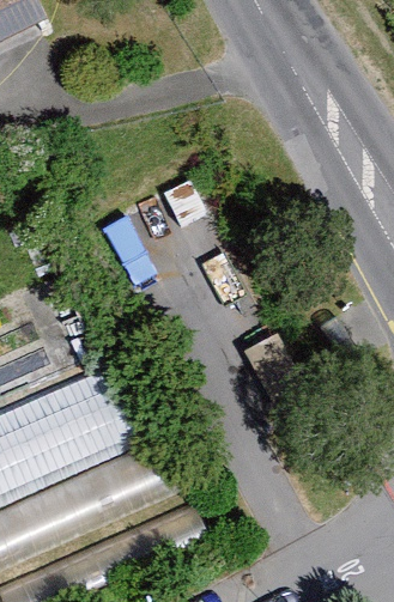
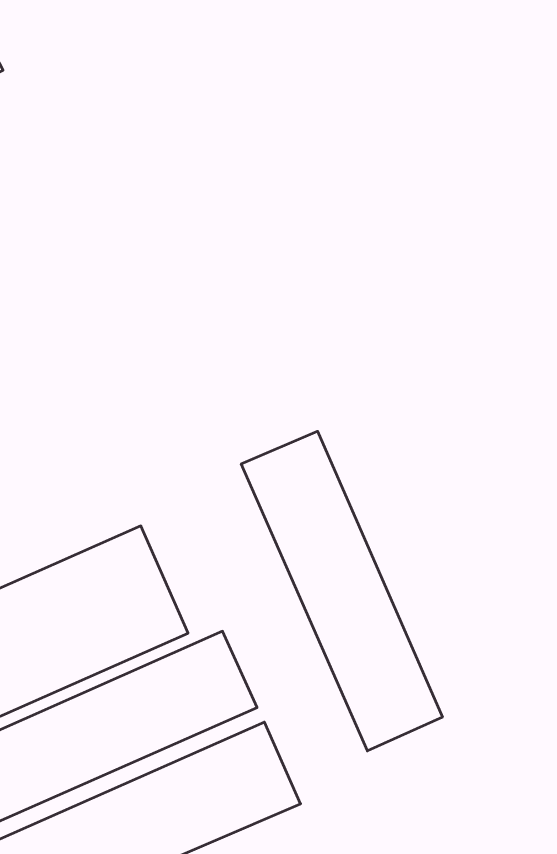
building: none -> [241,431,442,751]

